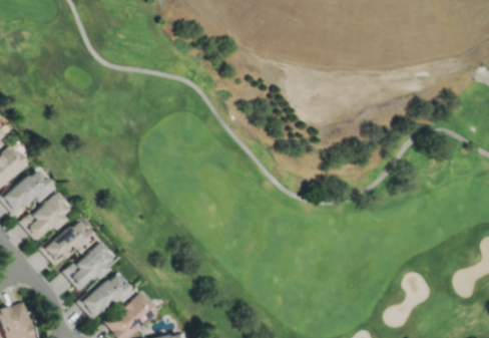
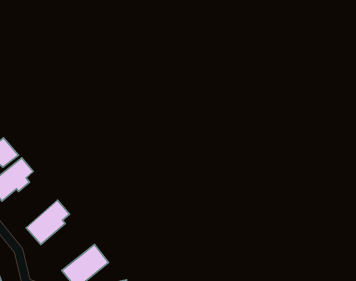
building: [43,220,96,267] -> none
building: [79,272,131,322] -> none

